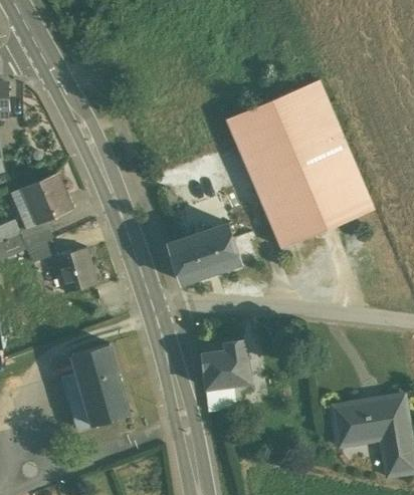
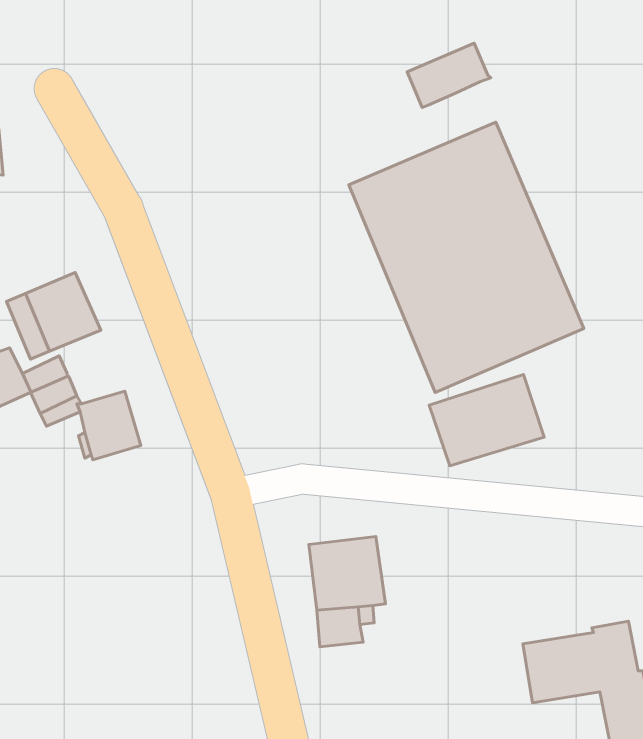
building: none -> [407,43,491,107]
building: [168,225,240,282] -> [429,375,544,466]
building: [60,343,130,430] -> none

